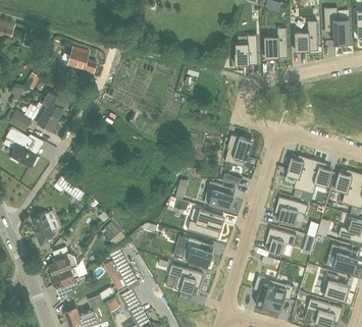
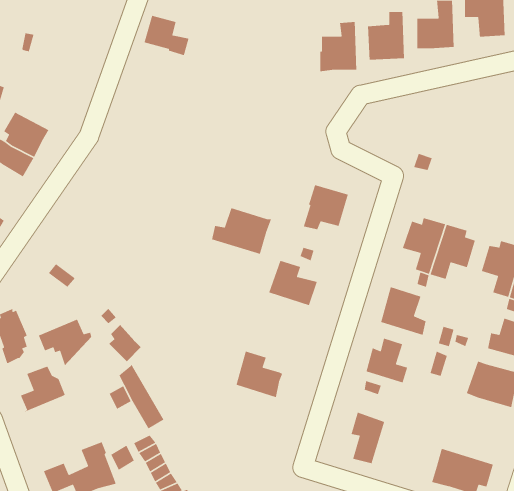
building: [68,47,97,72] -> [143,15,190,56]
building: [188,209,225,238] -> [211,207,272,255]
building: [168,264,203,293] -> none
building: [51,266,85,295] -> [38,319,92,366]
building: [322,273,350,301] -> none
building: [267,281,294,312] -> none

